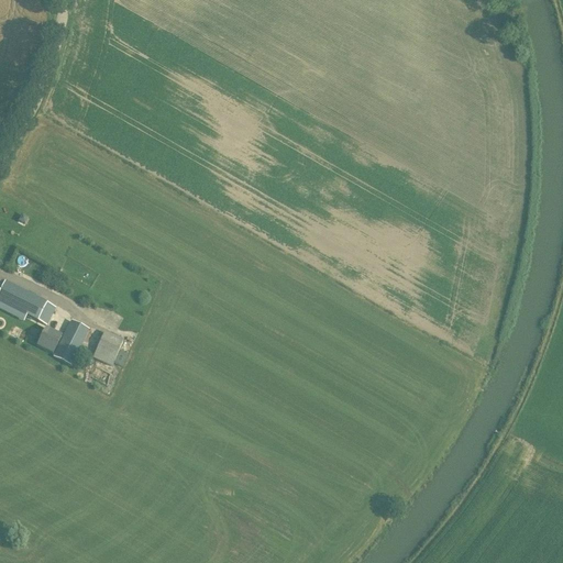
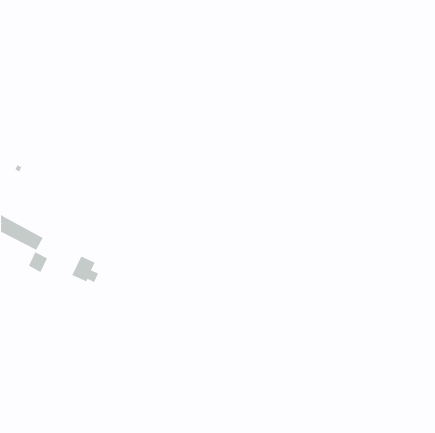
building: [53,318,89,364] -> none

